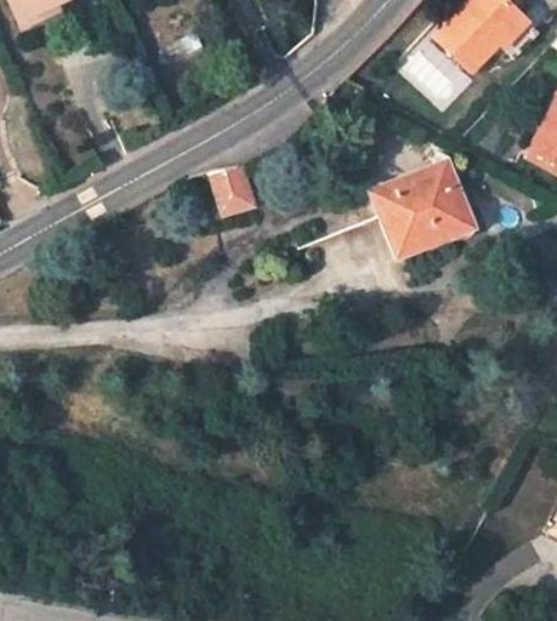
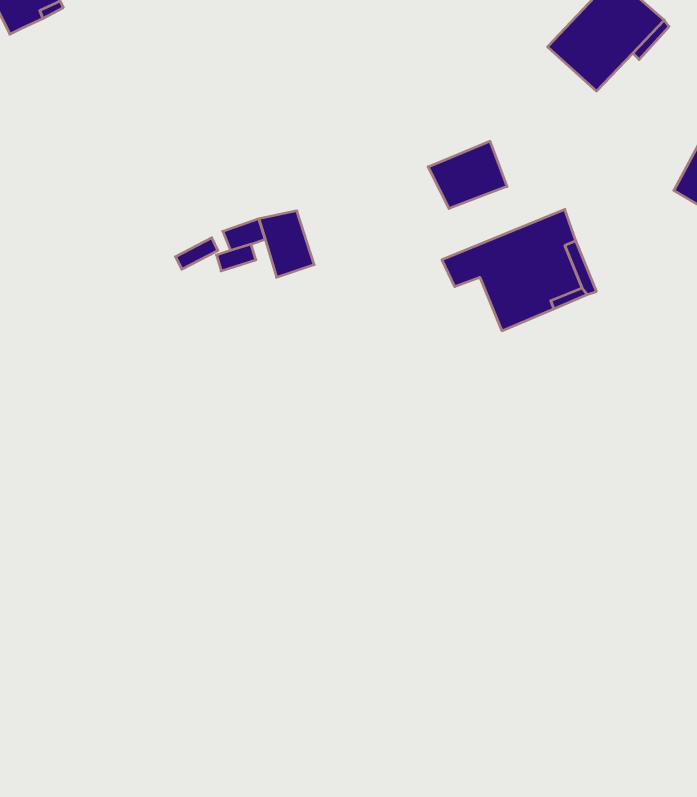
building: none -> [428,141,507,209]

